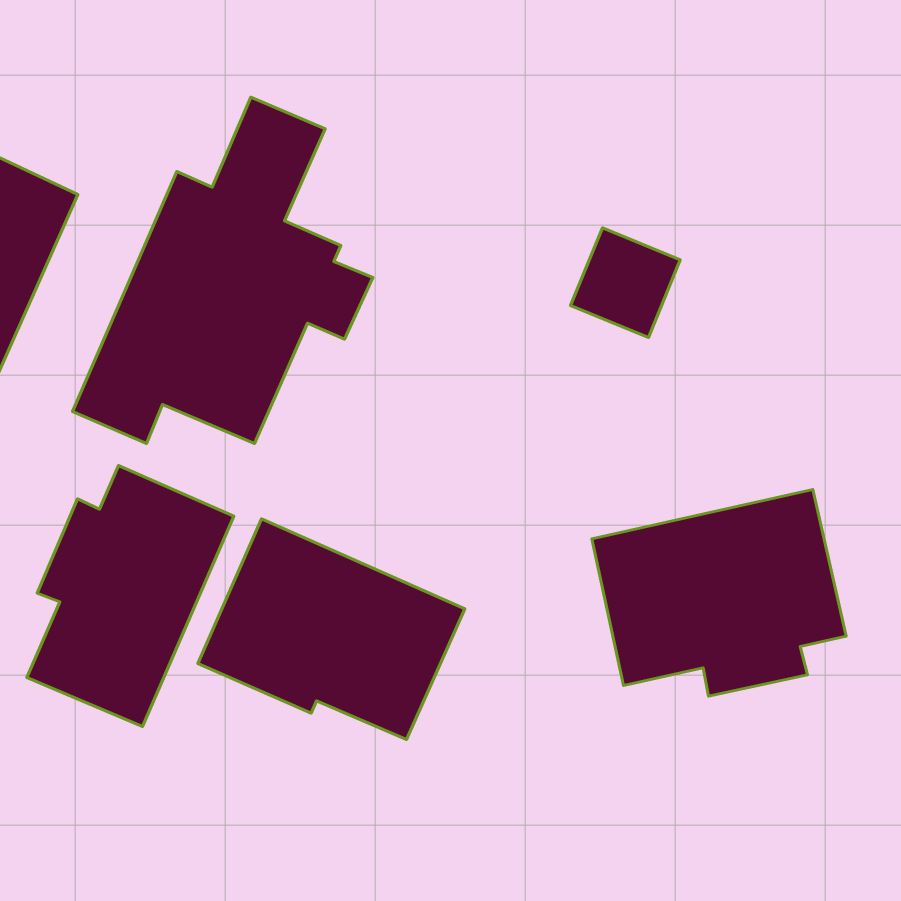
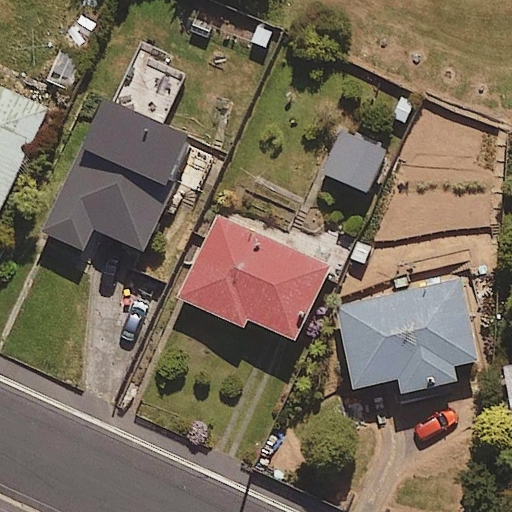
building: [27,465,234,726] -> none
building: [198,519,465,740] -> [178,216,329,341]

